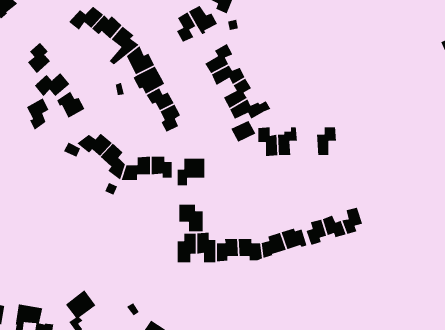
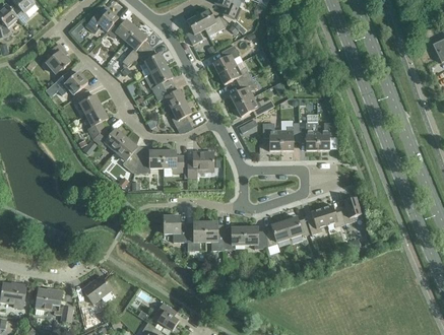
building: [26,97,50,131] -> [84,106,107,137]
building: none -> [298,122,317,149]
building: [178,204,203,232] -> [163,215,186,242]

